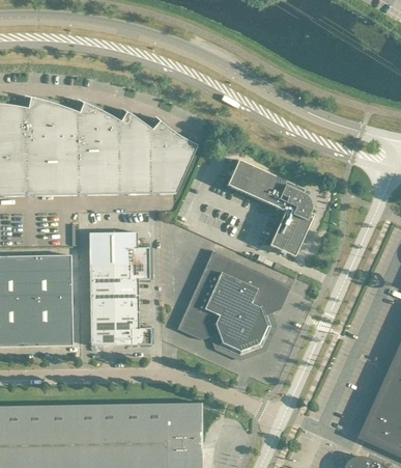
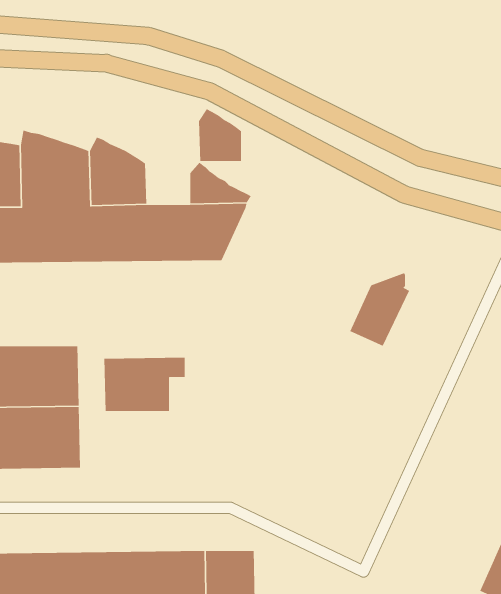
building: [119,112,151,152] -> [198,108,242,162]
building: [226,160,309,211] -> none
building: [88,232,148,265] -> none
building: [176,250,290,356] -> none
building: [89,304,149,346] -> none

